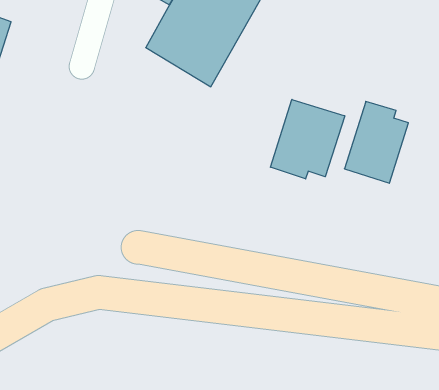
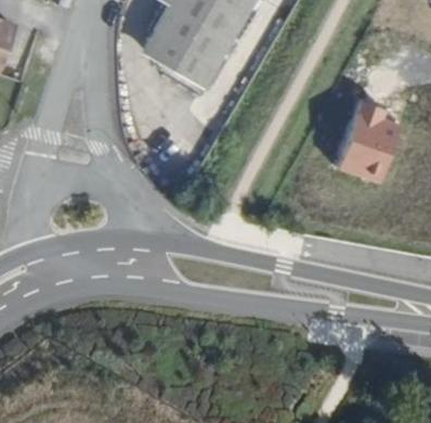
building: [270,99,345,179] -> none

